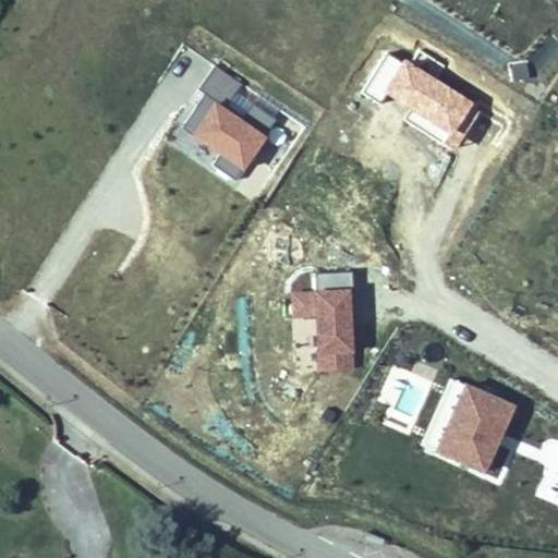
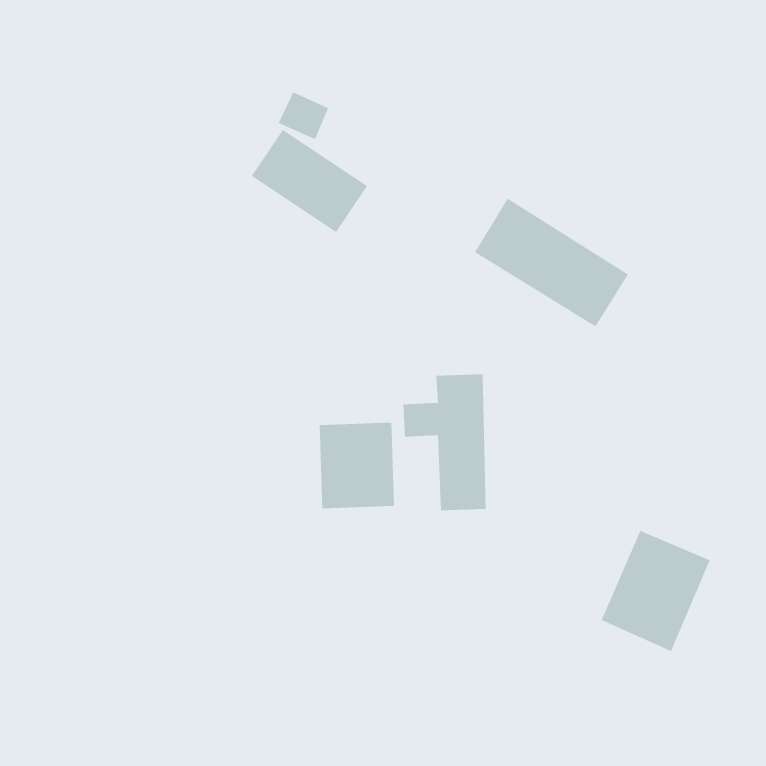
building: [364,53,476,147] -> [474,198,629,327]
building: none -> [319,422,395,509]

